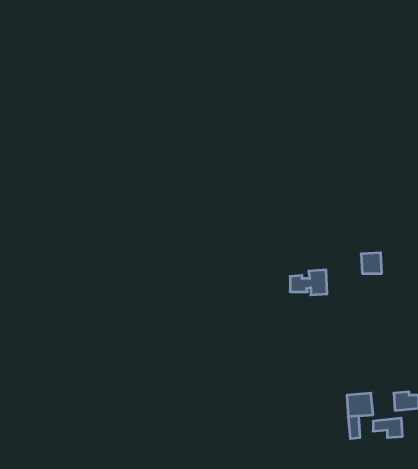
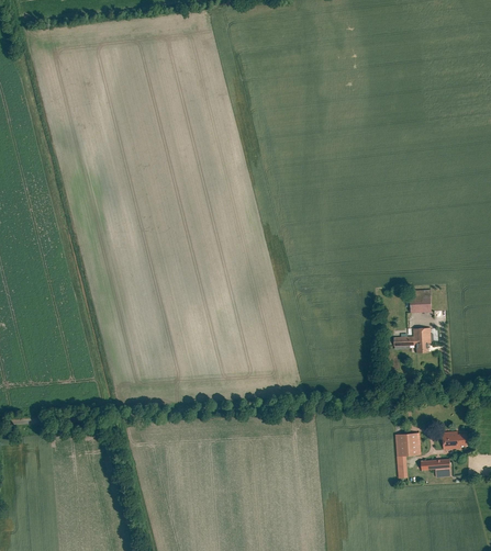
building: [290,270,327,295] -> [393,327,431,352]

